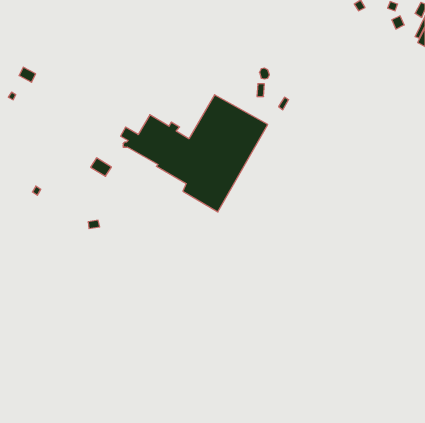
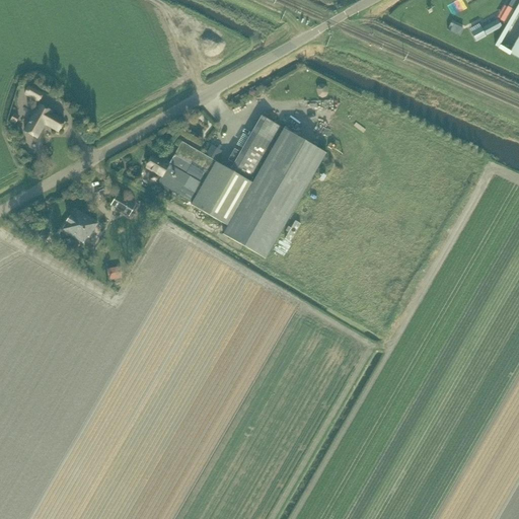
building: none -> [23,102,64,136]
building: none -> [63,208,98,241]

